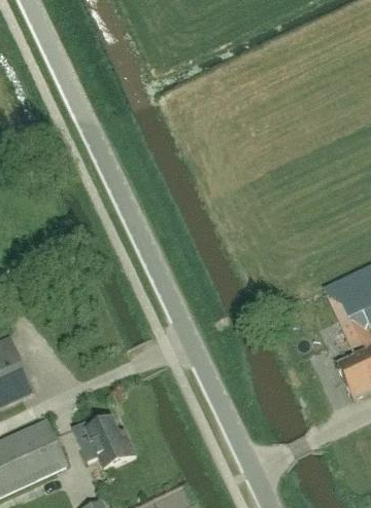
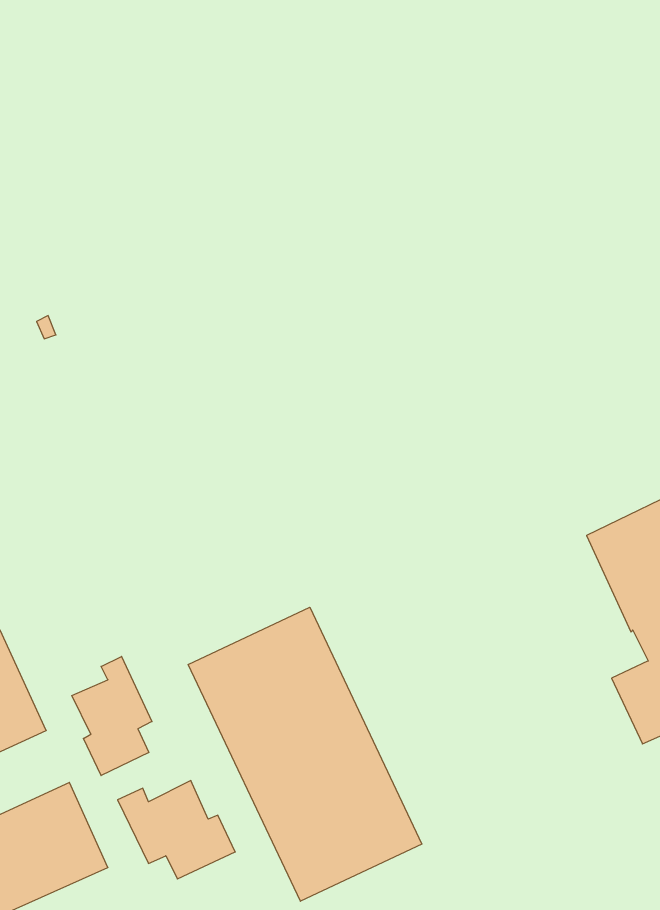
building: none -> [188,607,422,901]
building: none -> [72,656,152,776]

